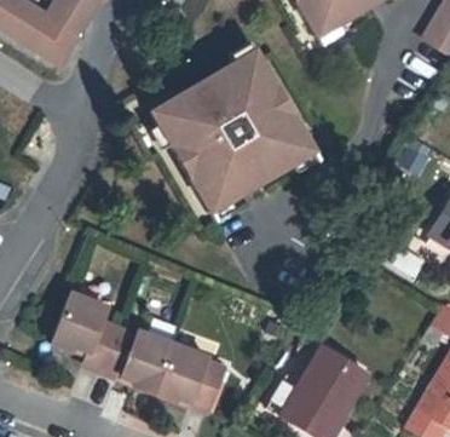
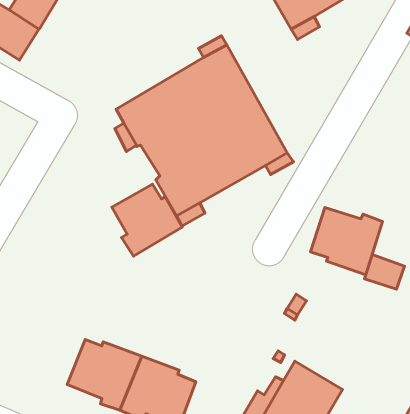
building: none -> [112,184,182,256]
building: none -> [311,207,383,275]
building: [56,292,123,368] -> none

